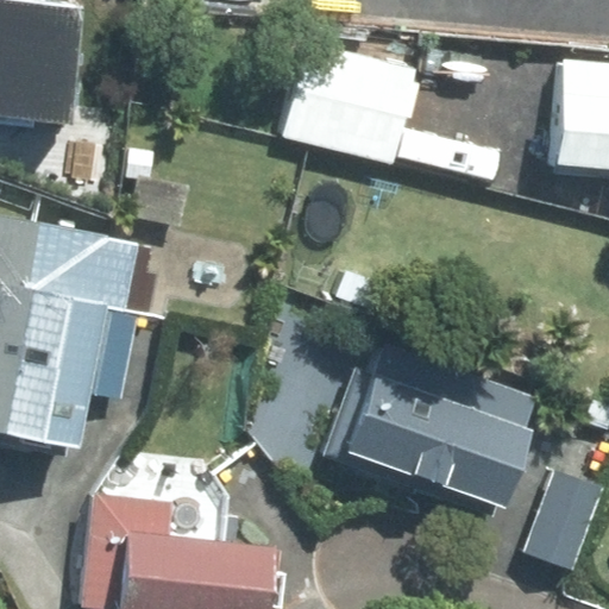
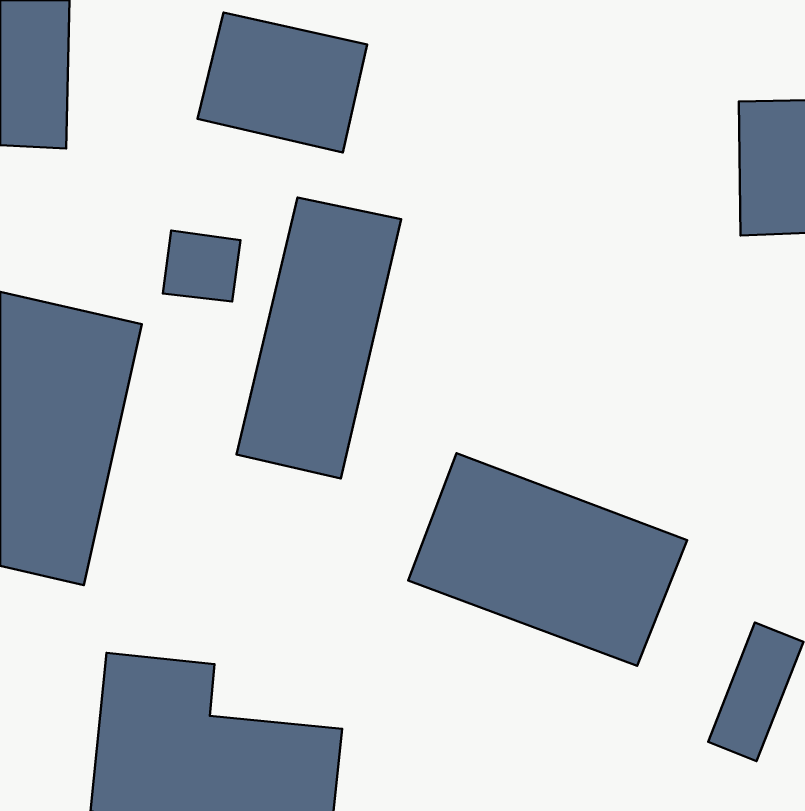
building: [291,58,416,162] -> [198,12,367,153]
building: none -> [237,197,401,479]

